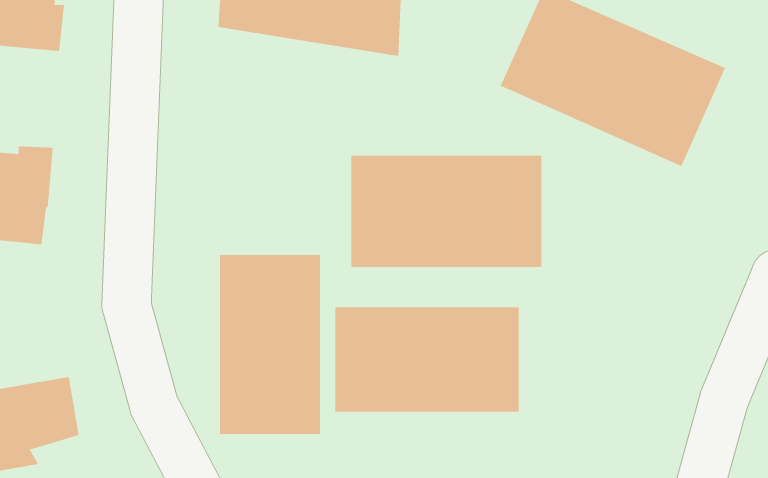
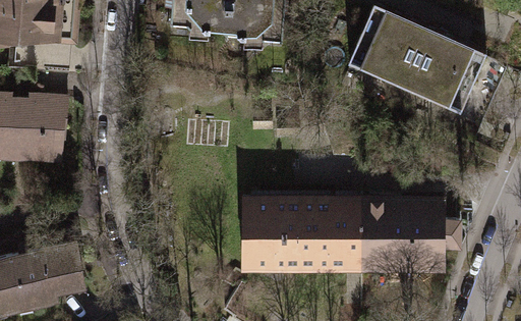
building: [351,155,542,268] -> none
building: [220,254,321,435] -> none
building: none -> [359,203,460,269]

